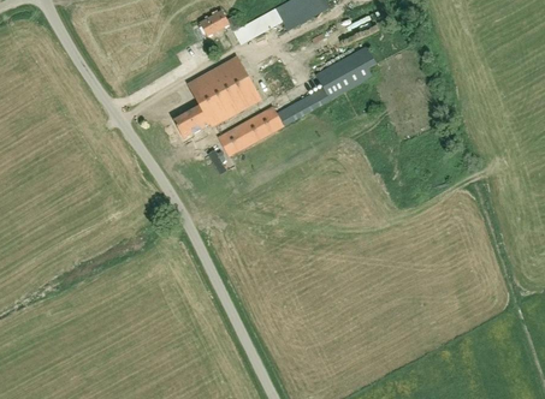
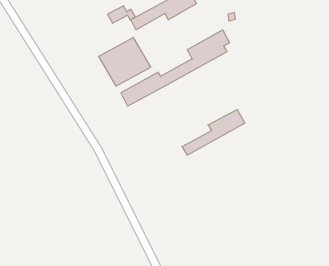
building: [174,105,209,136] -> none
building: none -> [182,109,245,155]

